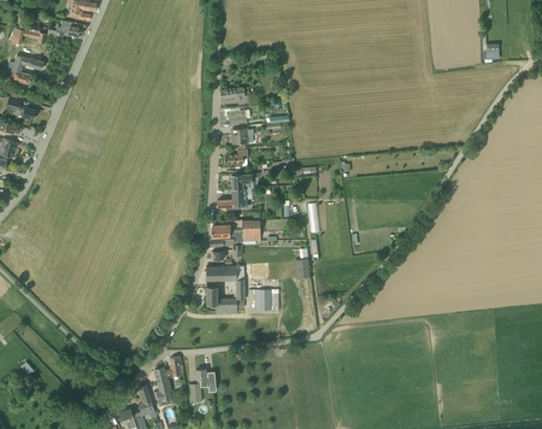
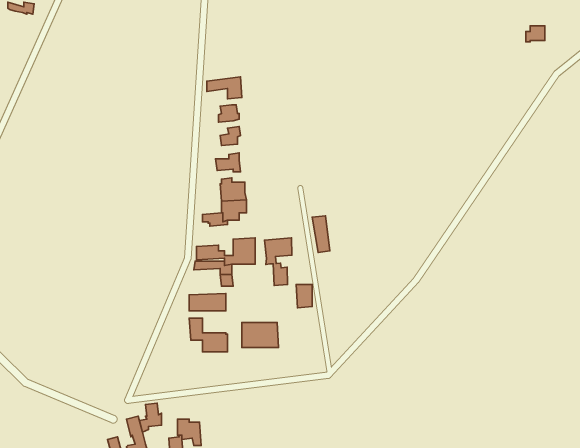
building: none -> [265,238,292,286]

